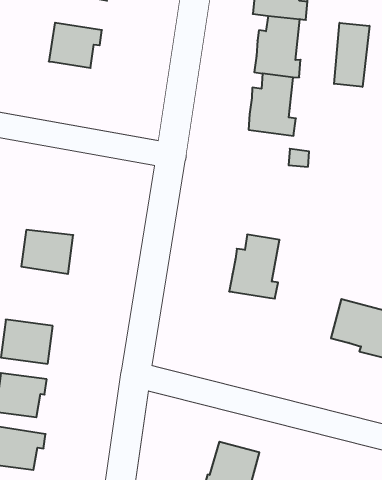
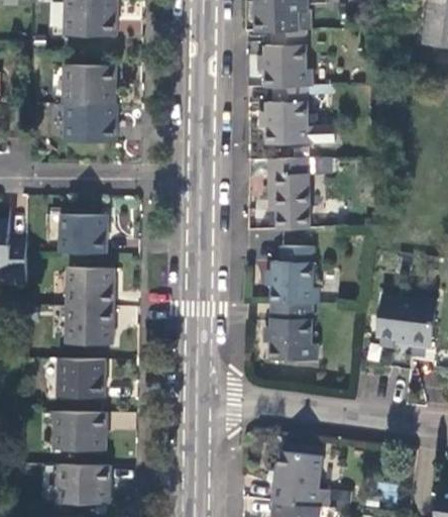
building: [334,23,369,87] -> none
building: none -> [68,103,114,141]
building: none -> [268,158,309,230]
building: none -> [58,215,105,254]
building: none -> [65,306,112,343]
building: none -> [268,303,315,361]

